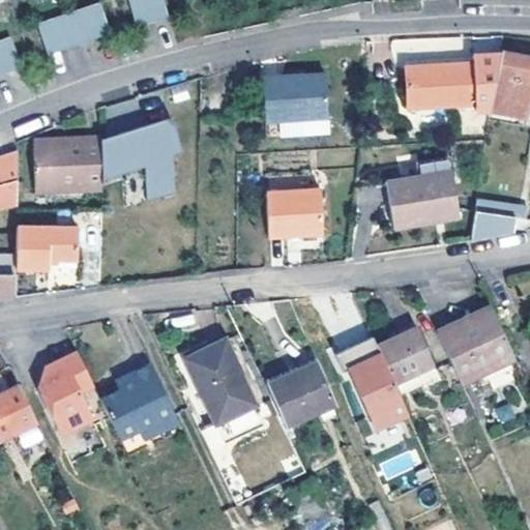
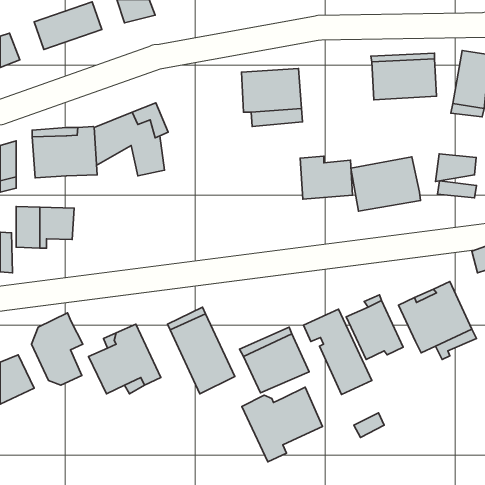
building: [264,192,321,238] -> [300,156,352,199]
building: [473,211,518,241] -> [435,154,476,181]
building: none -> [242,387,322,462]

